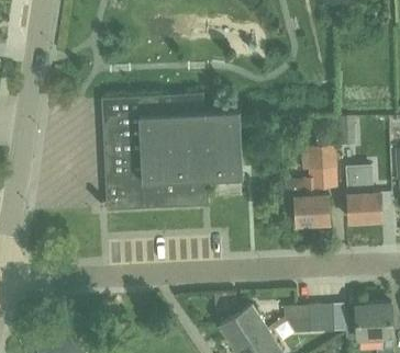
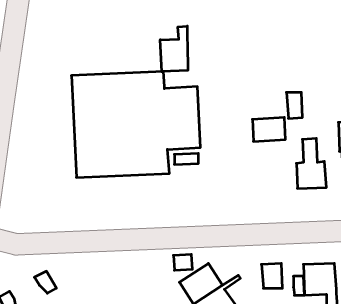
building: none -> [160,26,188,72]
building: [296,177,329,225] -> none
building: [284,305,312,332] -> none

